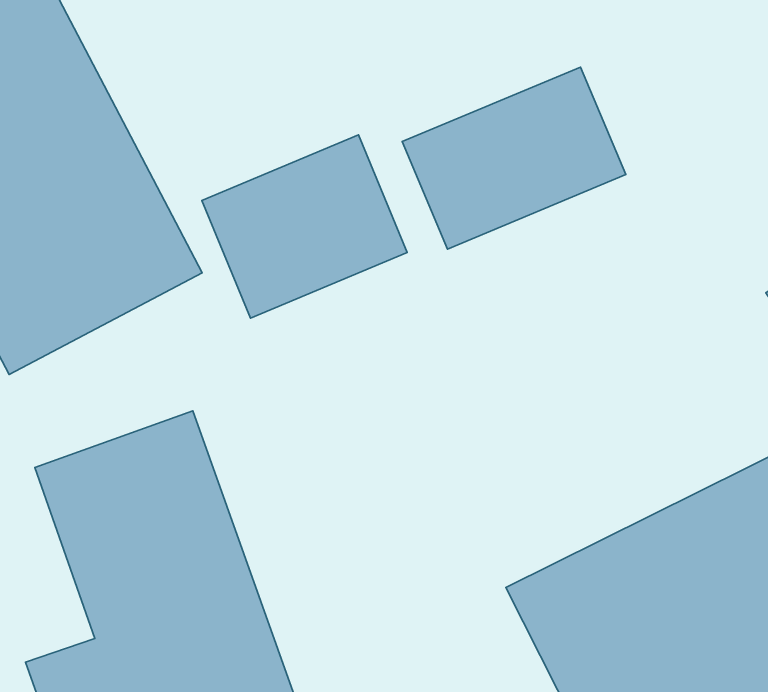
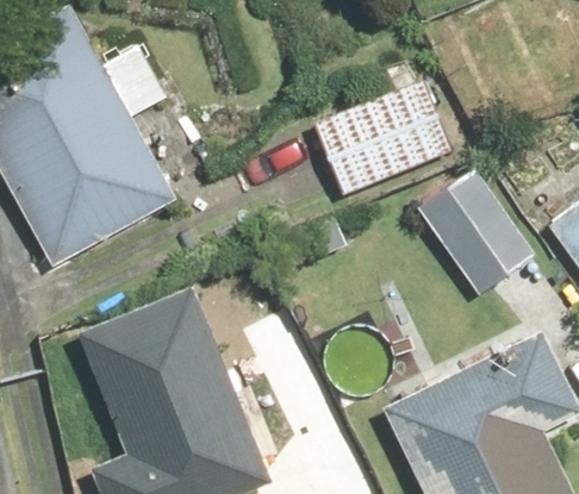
building: [202,135,407,318] -> none
building: none -> [416,163,538,296]

